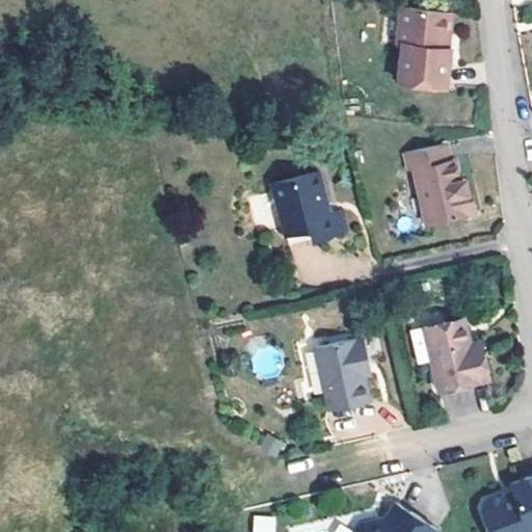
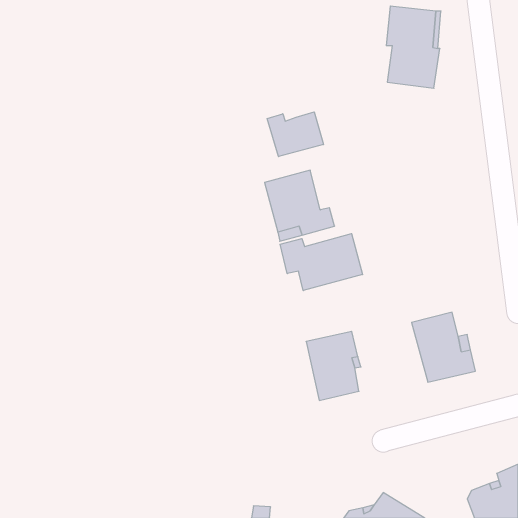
building: none -> [267,112,323,157]
building: [404,144,476,224] -> none
building: none -> [280,234,363,291]

